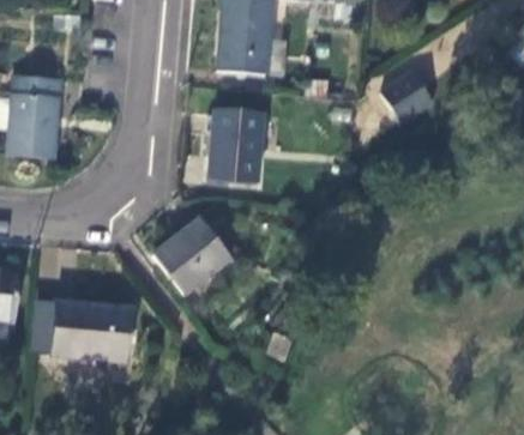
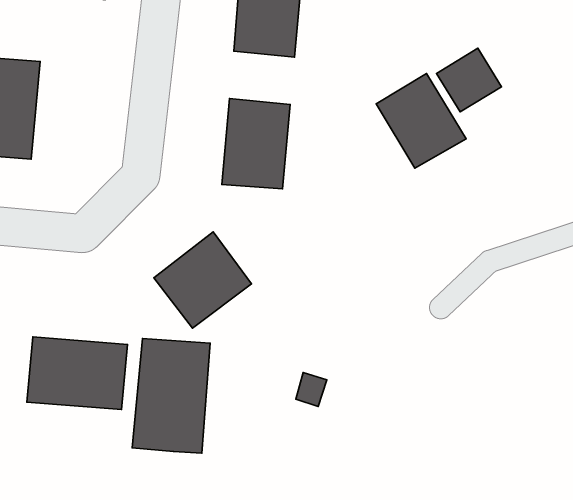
building: none -> [376,73,466,168]
building: none -> [132,338,210,453]

